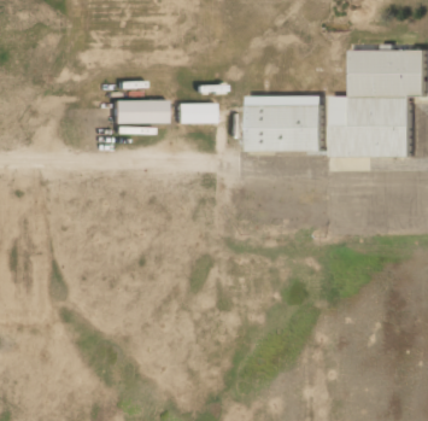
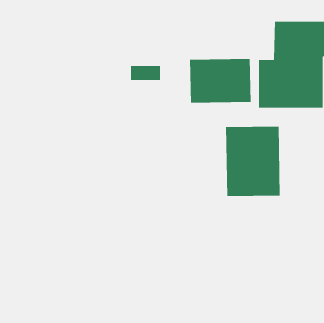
building: [109,100,162,124] -> none
building: none -> [225,126,281,197]

